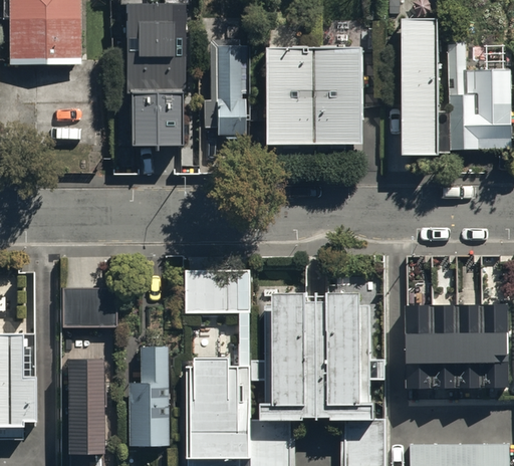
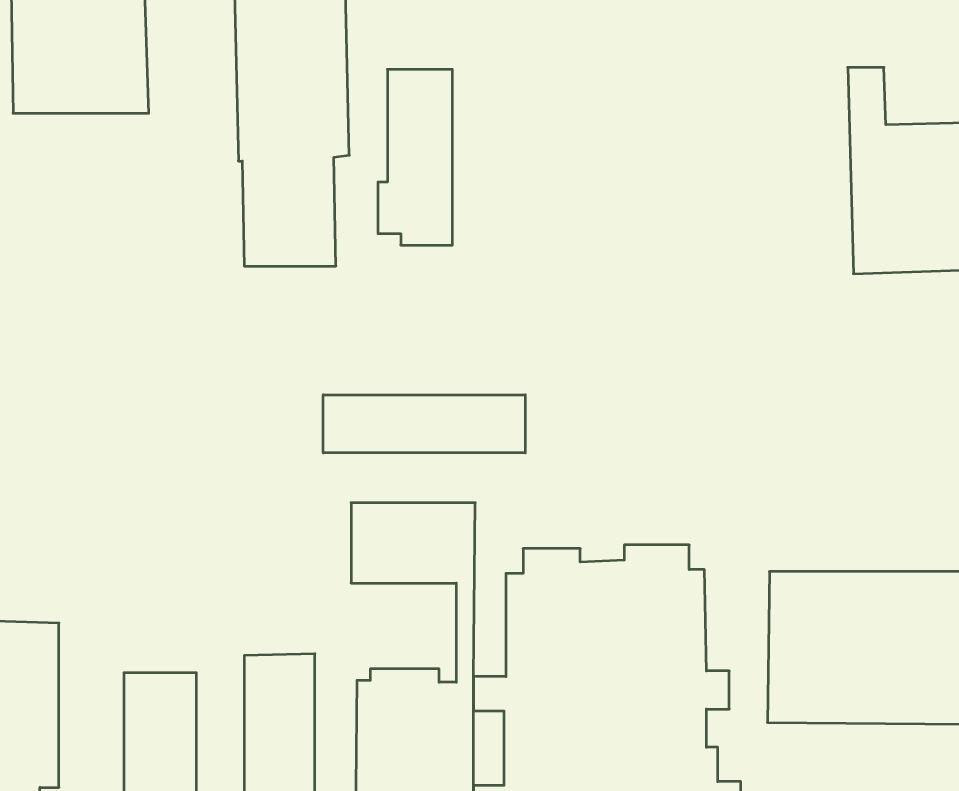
building: [404,18,439,154] -> none
building: [268,46,361,143] -> none
building: none -> [323,395,525,453]
building: [60,288,117,328] -> none

